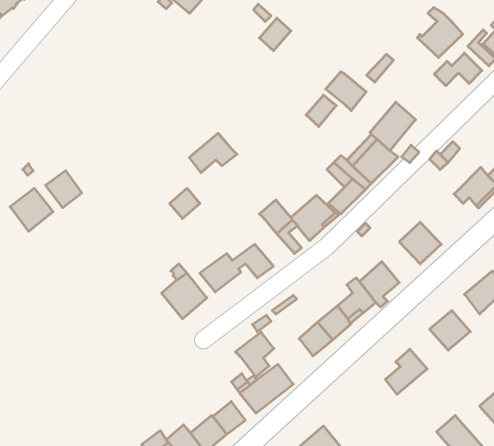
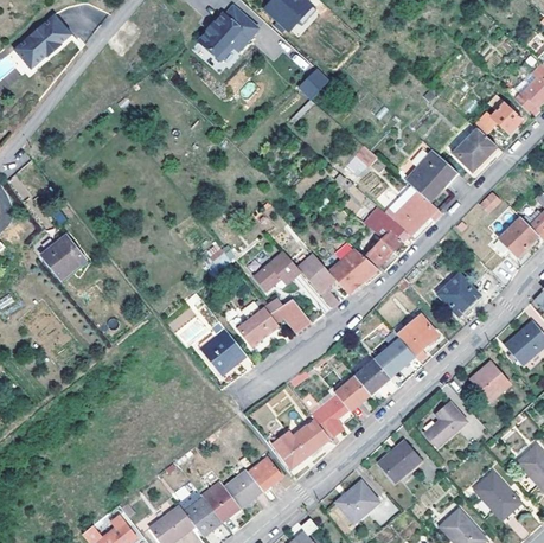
building: [417,7,463,58] -> [450,120,497,171]
building: [326,72,366,111] -> none
building: [189,133,237,173] -> [252,249,301,289]
building: [46,171,82,208] -> none
building: [235,332,274,377] -> [311,394,350,440]
building: none -> [377,441,422,485]

